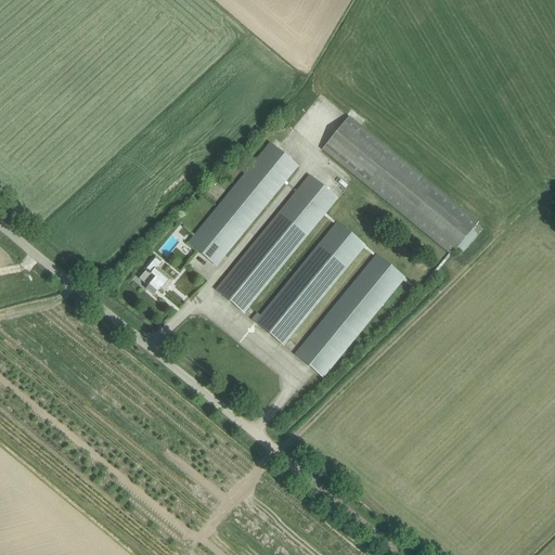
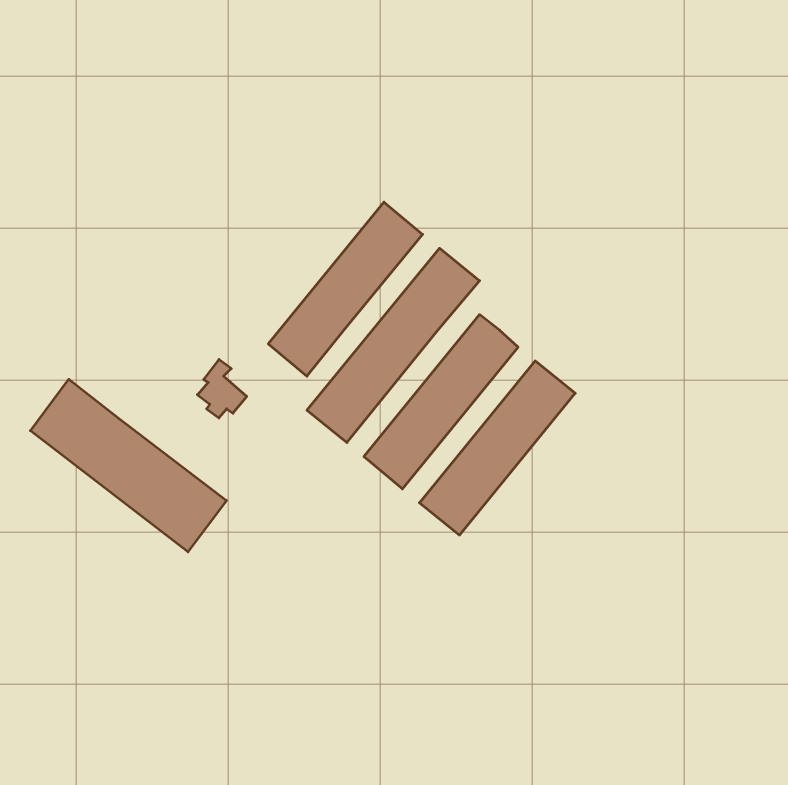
building: [322,114,479,254] -> none
building: none -> [30,379,226,552]

